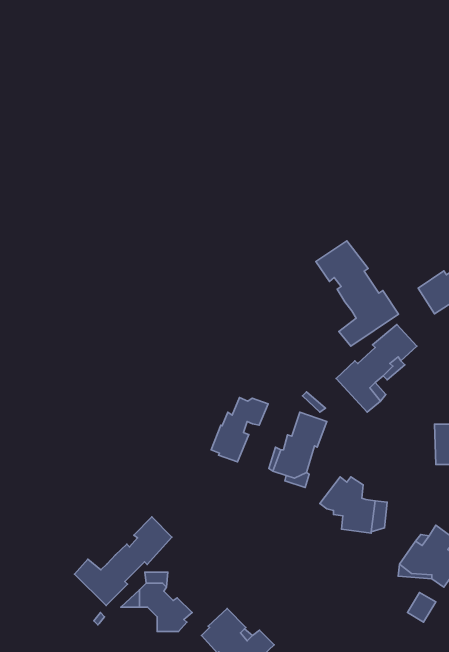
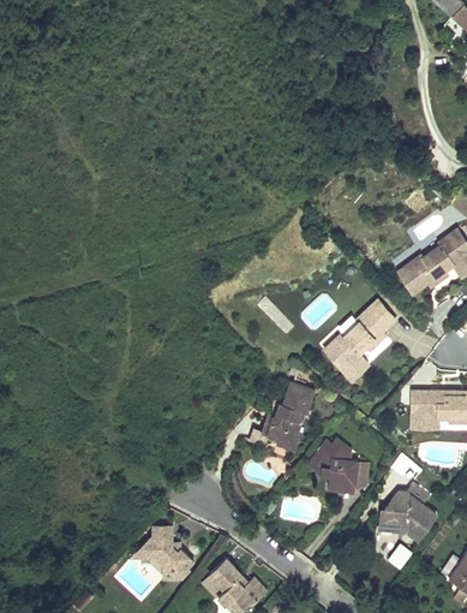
building: [316,241,399,346] -> none
building: [211,398,268,462] -> none
building: [75,517,172,605] -> none

